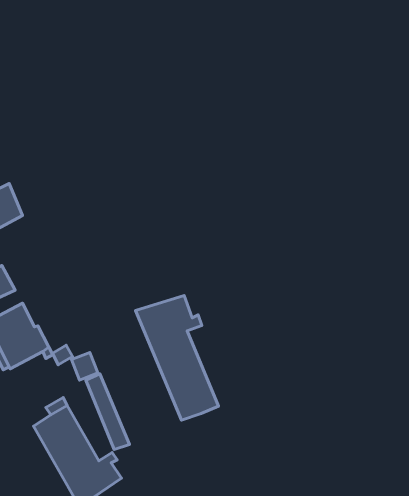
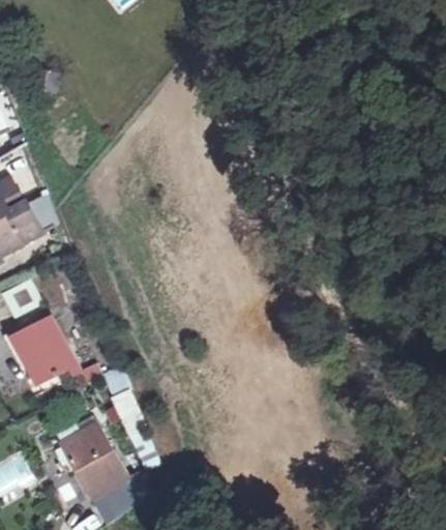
building: [135,296,219,420] -> none

